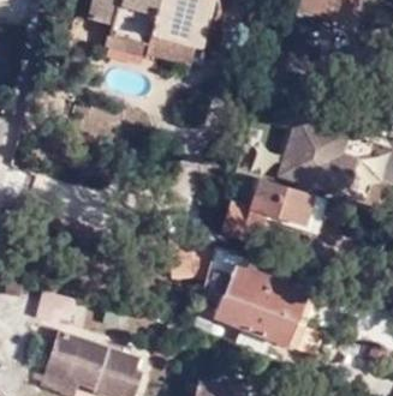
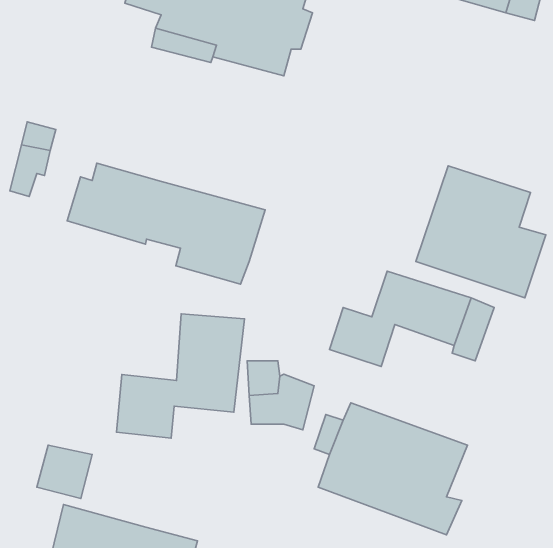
building: none -> [67,163,265,284]
building: none -> [116,314,244,438]

